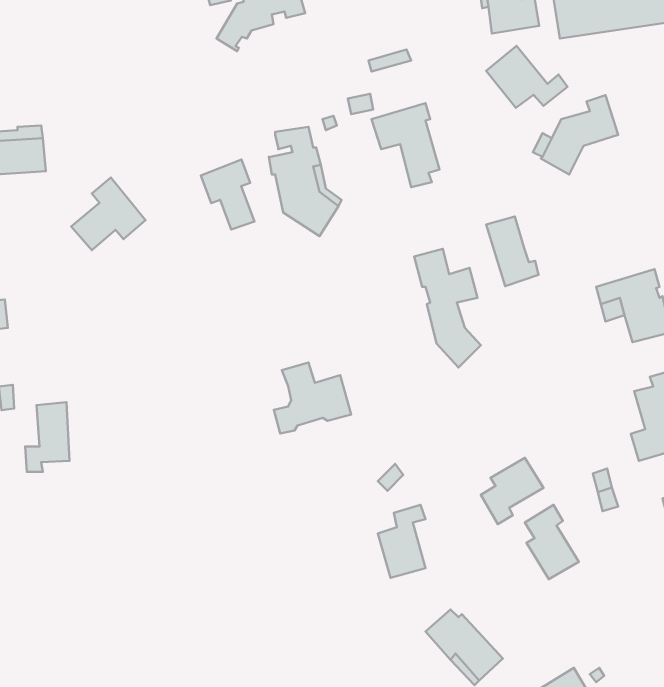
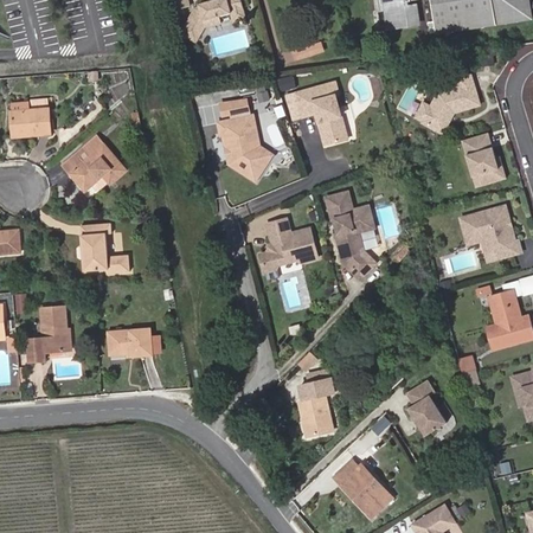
building: [486,46,568,108] -> none
building: [201,159,254,230] -> none
building: [486,216,538,286] -> [465,131,505,184]
building: none -> [81,221,129,274]
building: [274,362,351,434] -> [258,217,316,270]
building: none -> [108,329,149,355]
building: [481,458,544,524] -> none

